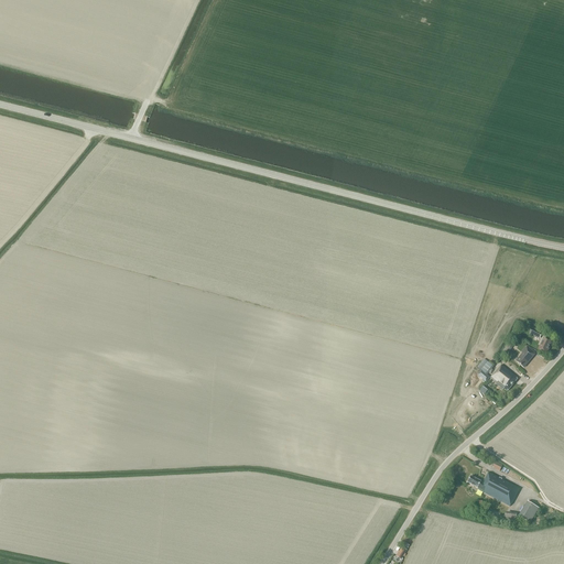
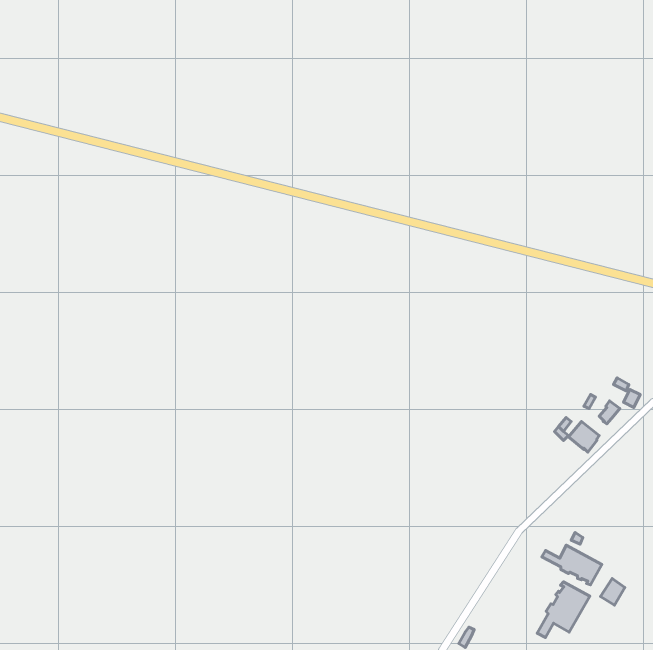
building: none -> [537,582,590,637]

